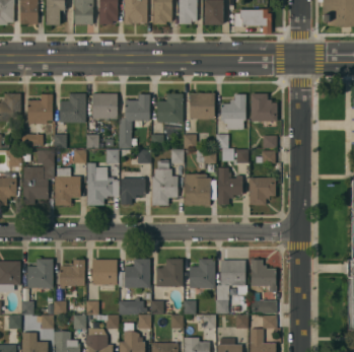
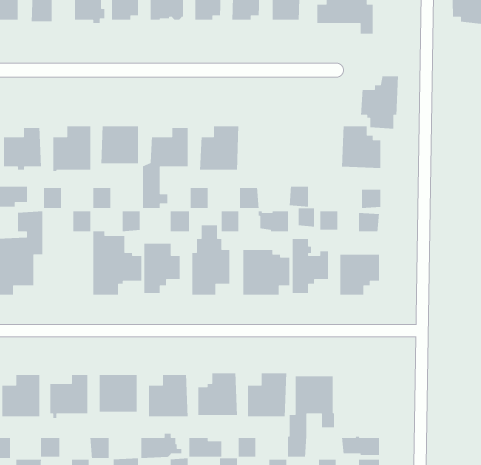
building: [190,94,215,120] -> none
building: [221,94,246,130] -> [360,75,399,129]
building: [55,167,81,206] -> none
building: [251,258,276,290] -> none

